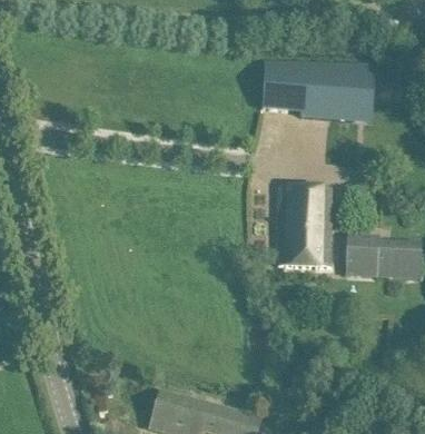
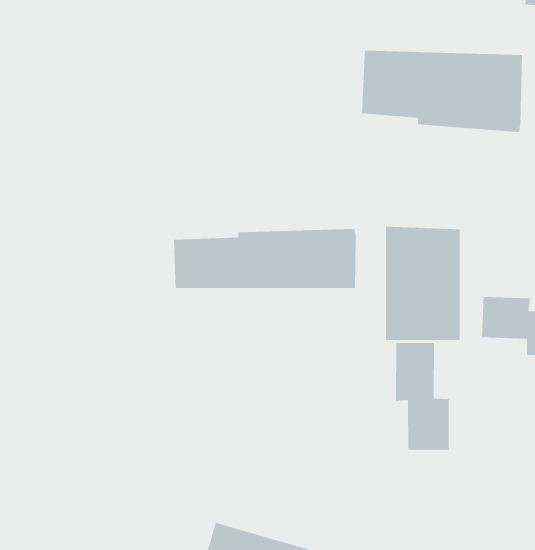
building: none -> [173,228,356,289]
building: none -> [395,342,450,450]

